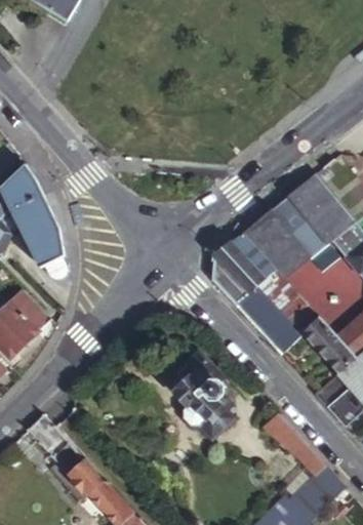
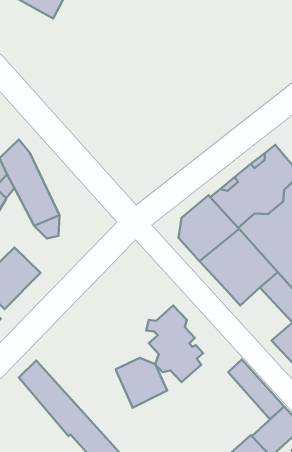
building: none -> [116,358,167,408]

